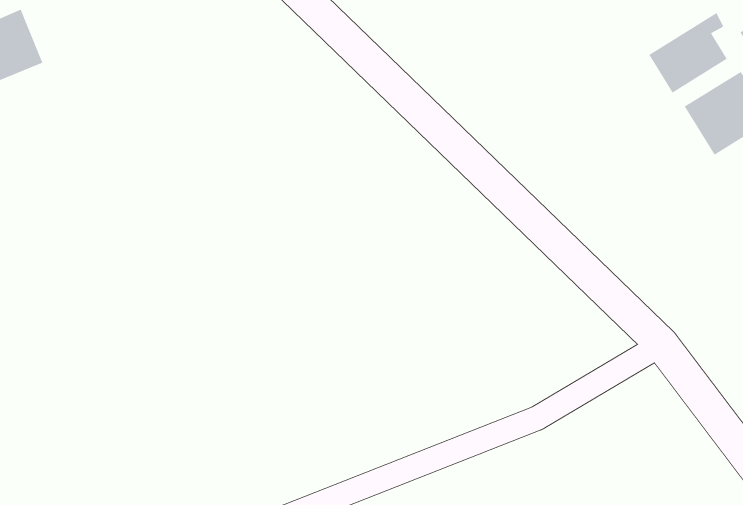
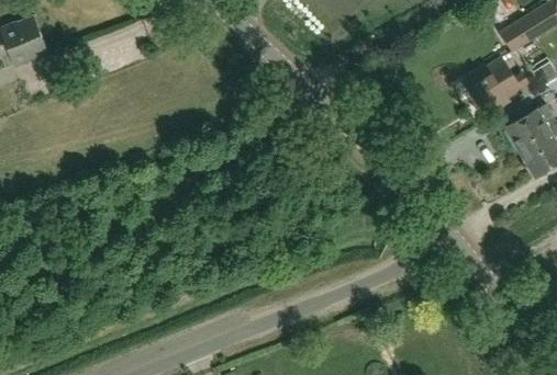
building: [649,12,728,93] -> none

